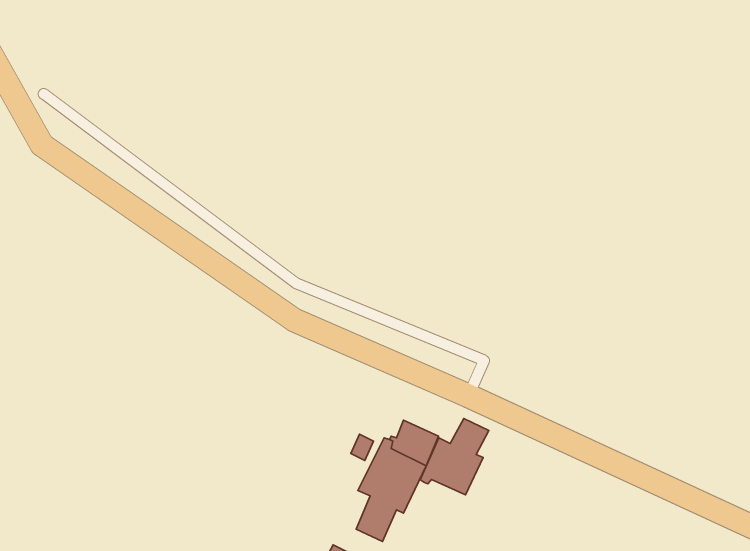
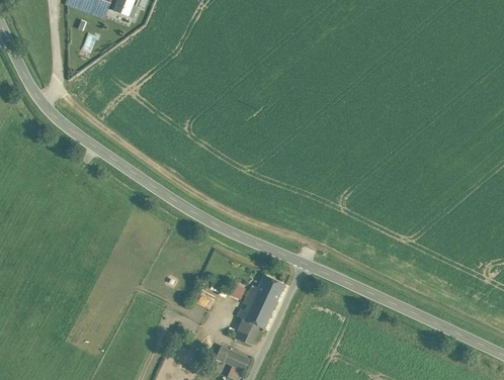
building: [420,419,489,495] -> none

